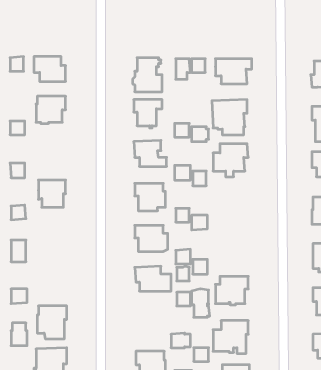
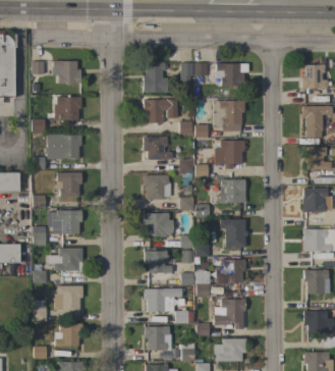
building: none -> [46,135,81,159]
building: none -> [216,179,244,203]
building: none -> [48,210,81,234]
building: none -> [220,219,247,248]
building: none -> [49,249,82,272]
building: none -> [145,288,182,313]

